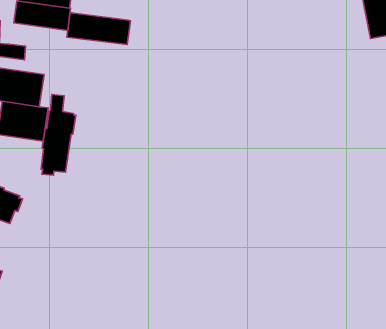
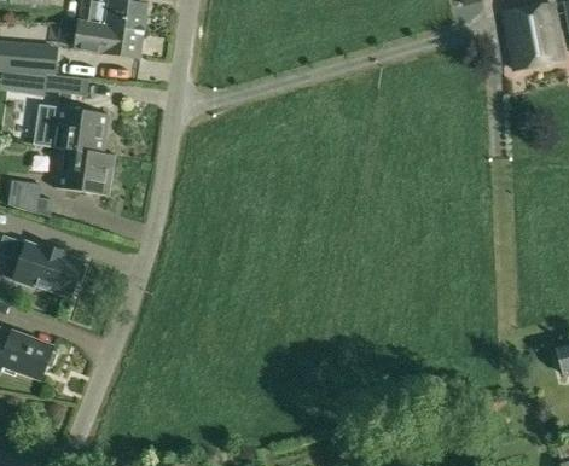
building: [67,13,130,44] -> none
building: [41,94,76,175] -> none

